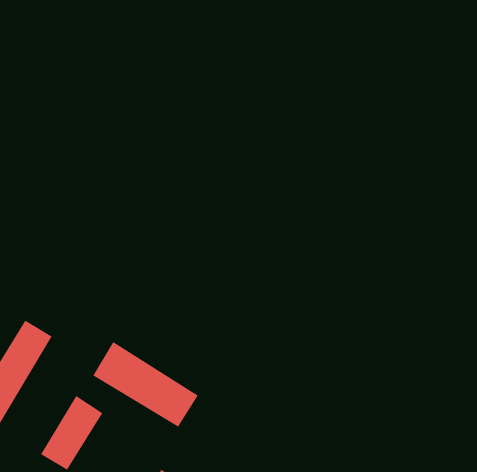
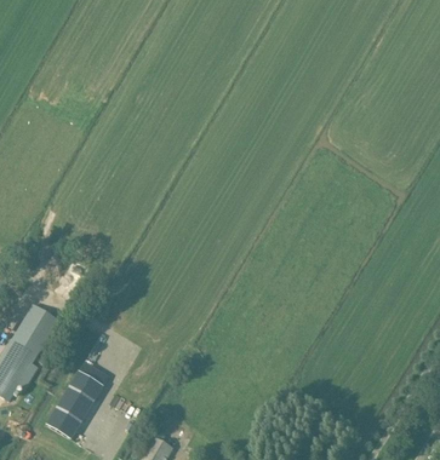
building: [92,341,198,428] -> none

